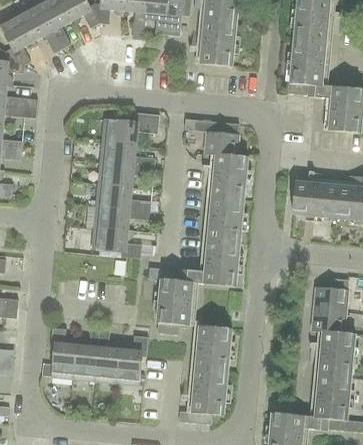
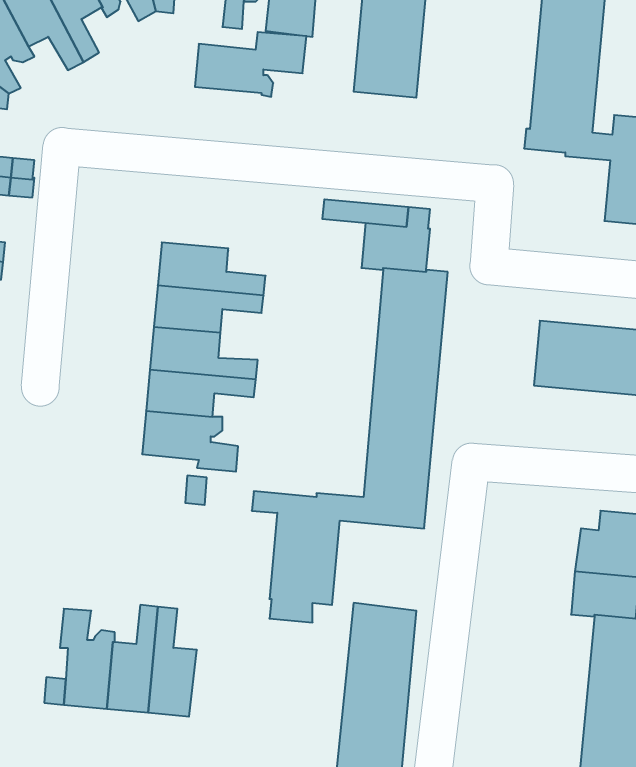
building: [101,112,158,145] -> [195,32,307,97]
building: [115,335,147,384] -> none

